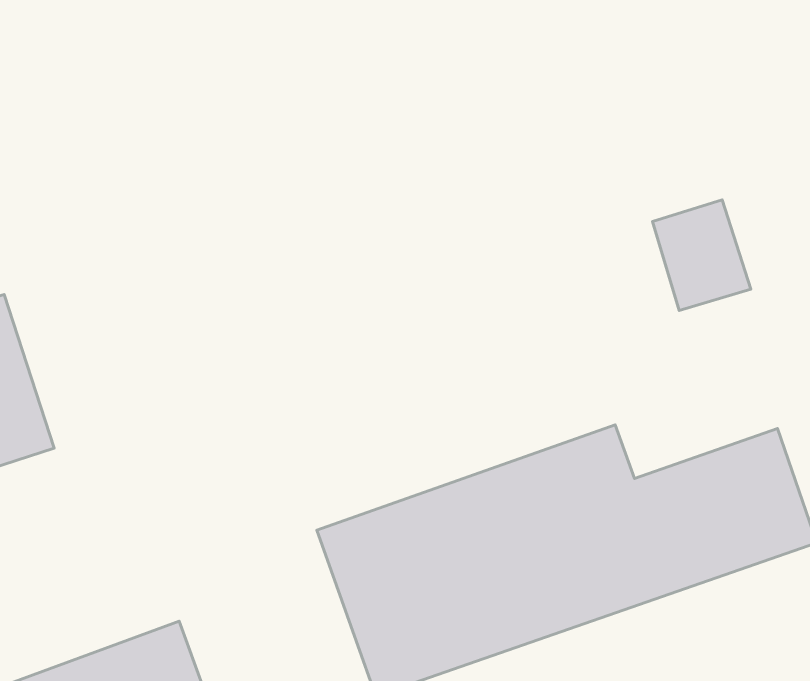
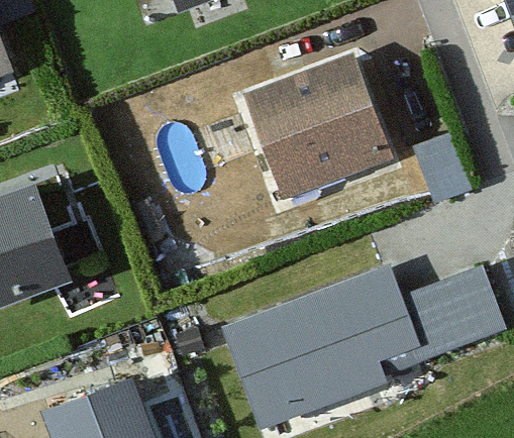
building: none -> [239,56,386,195]

